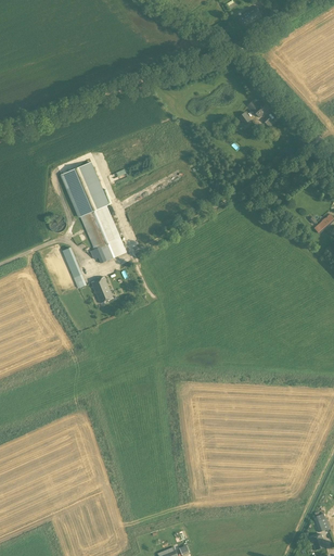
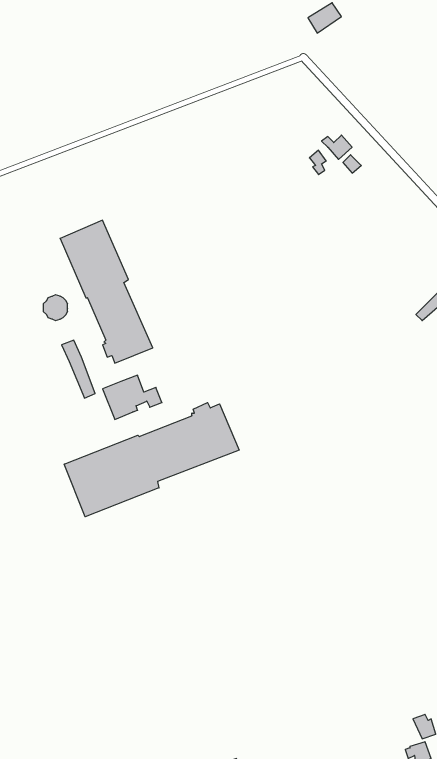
building: none -> [64,403,239,517]

